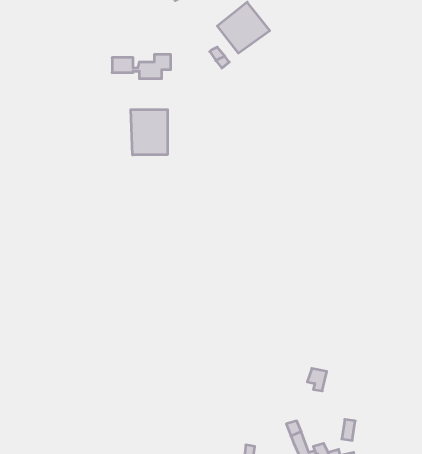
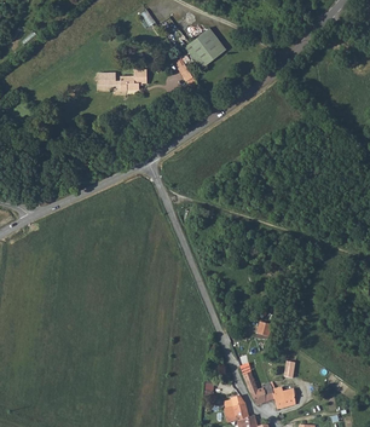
building: [131,110,168,155] -> none

